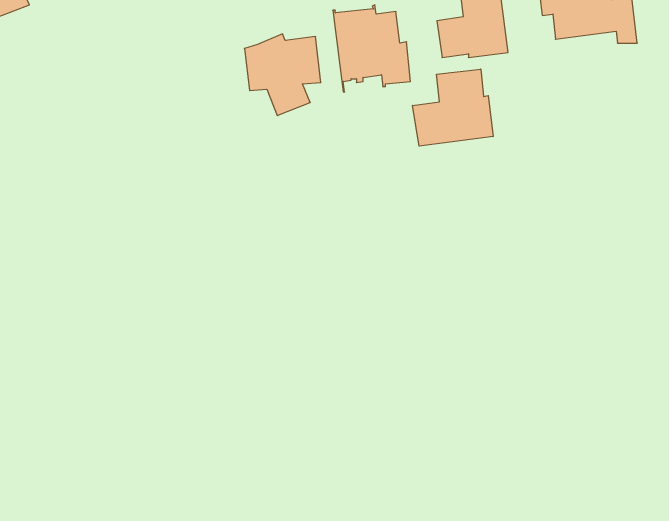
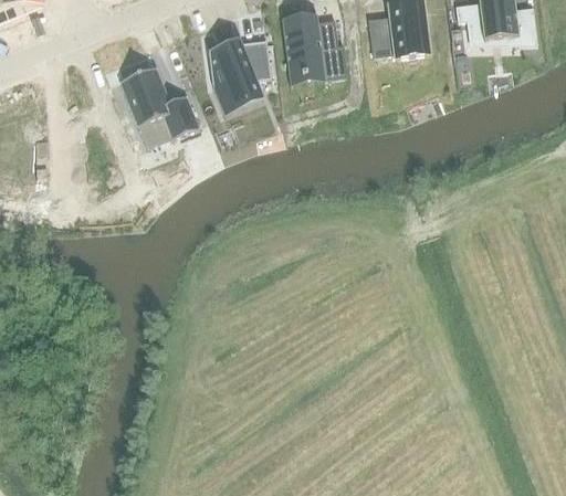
building: [413,69,493,146] -> none
building: none -> [119,66,198,148]

